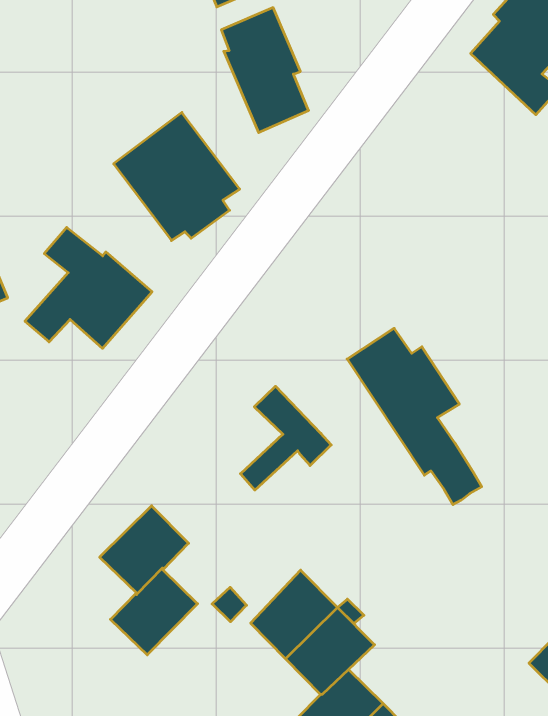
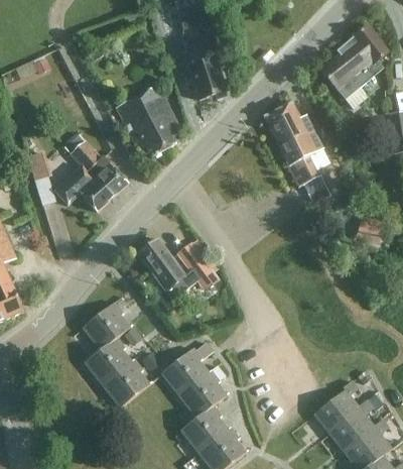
building: [347,328,482,505] -> [263,102,329,204]
building: none -> [137,238,184,289]
building: none -> [102,359,151,407]

